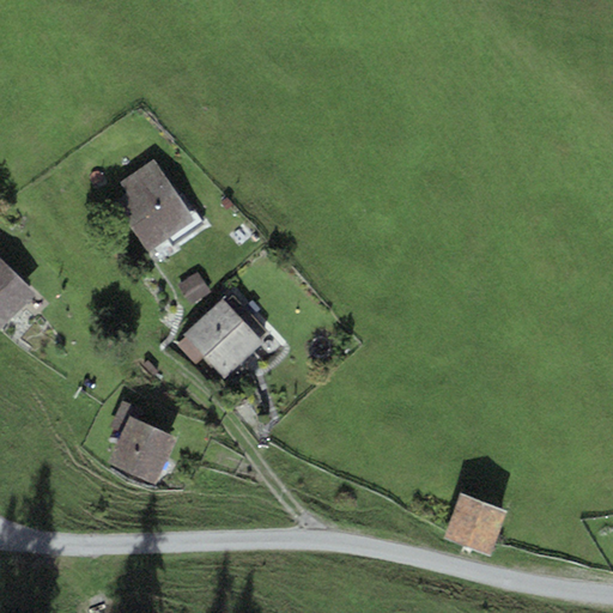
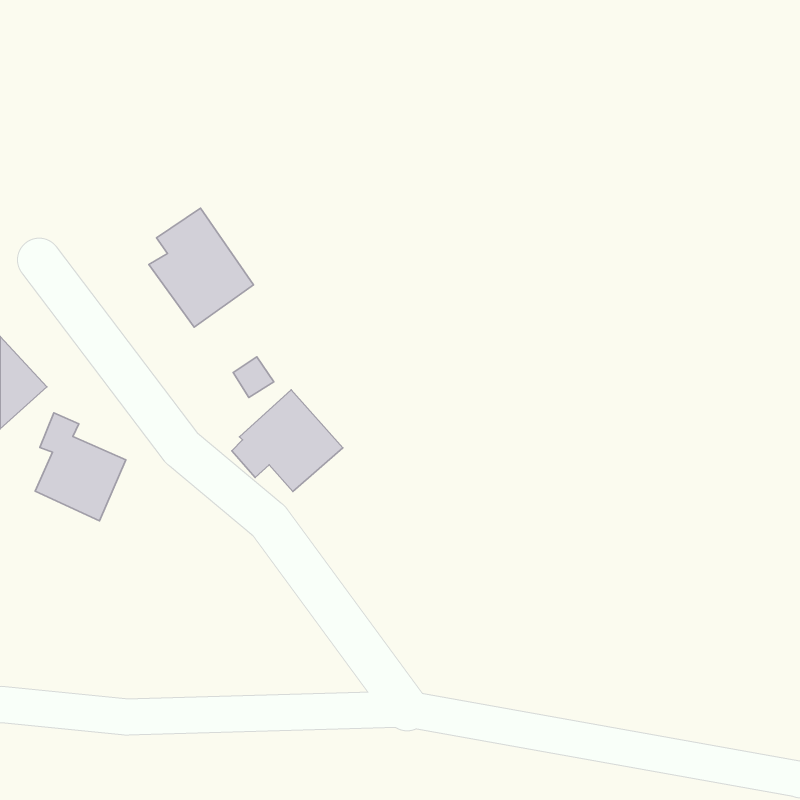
building: [107,401,176,484] -> [35,413,126,521]
building: [443,493,506,554] -> none

